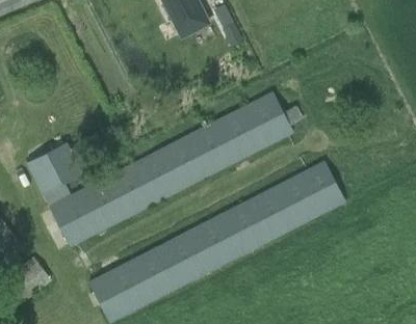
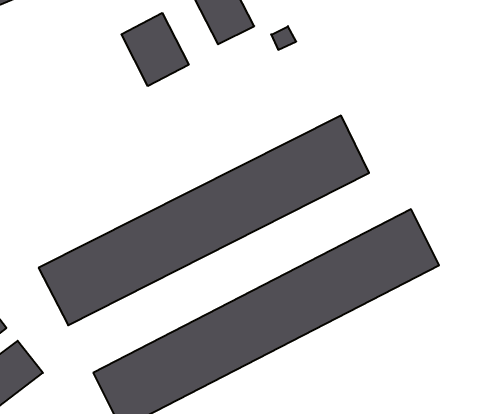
building: none -> [121,13,189,86]
building: [27,141,83,194] -> none

